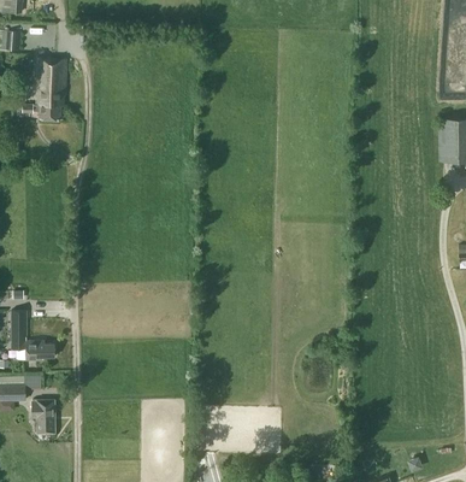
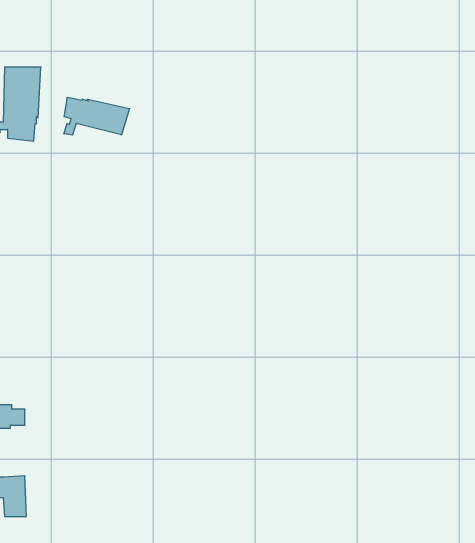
building: none -> [64,97,130,135]

